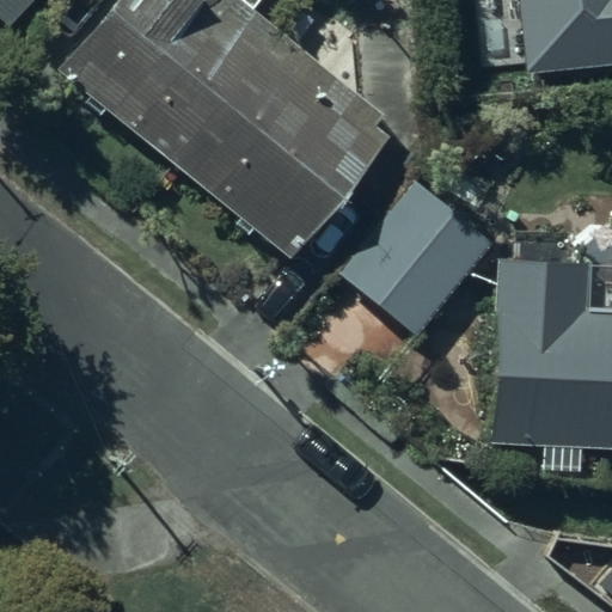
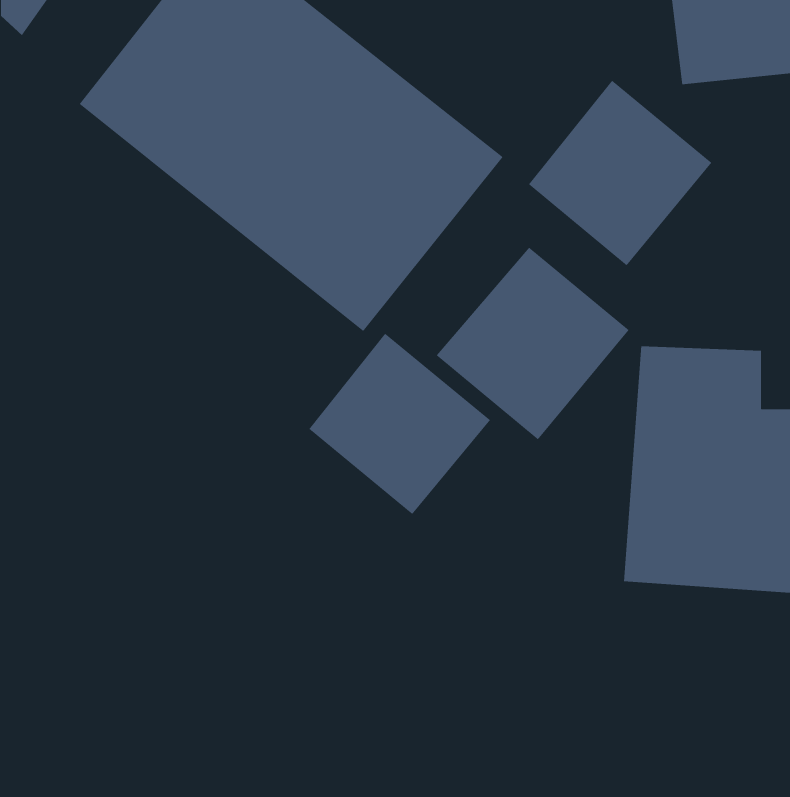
building: none -> [528,80,712,266]
building: none -> [308,333,491,515]

